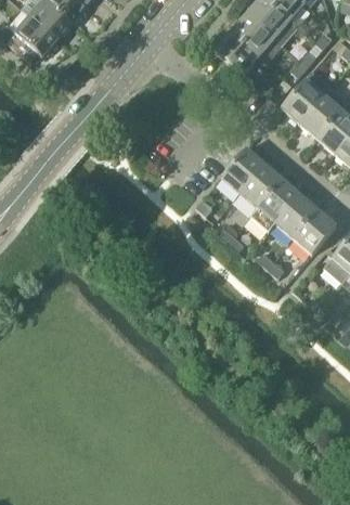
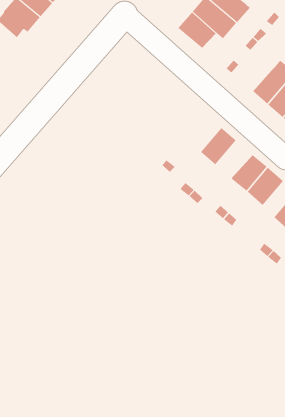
building: [282,72,332,124] -> none
building: [222,150,264,193] -> none
building: [251,180,300,232] -> none

